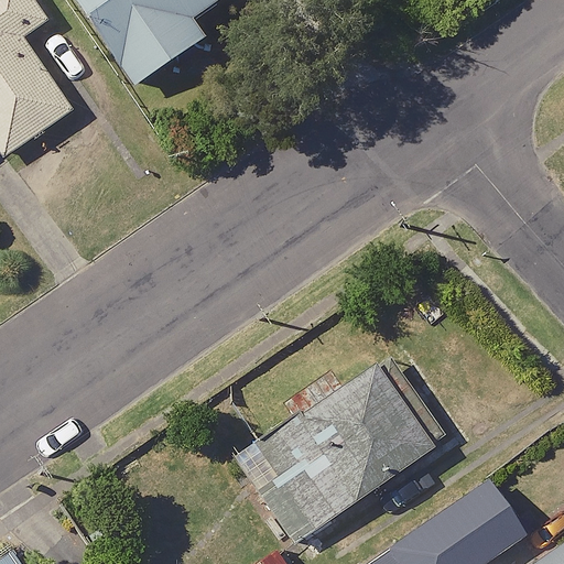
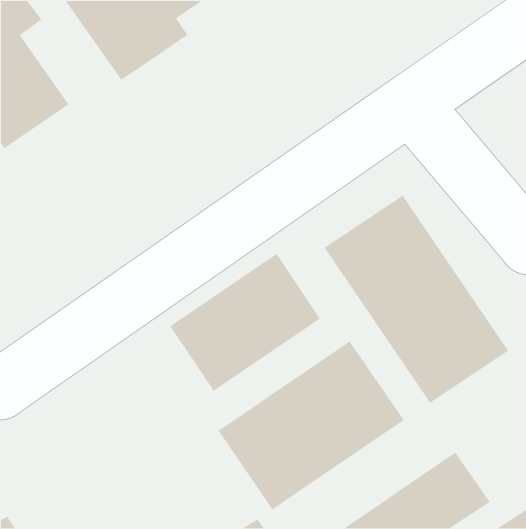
building: none -> [324,195,509,404]
building: none -> [169,253,321,392]

